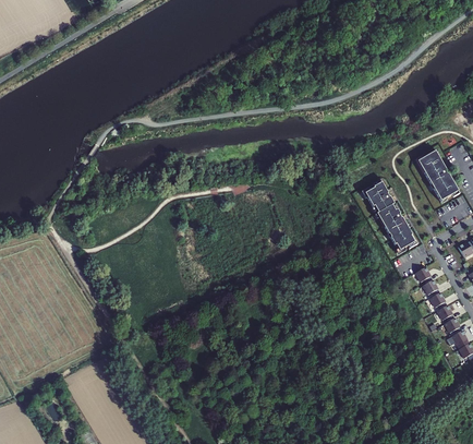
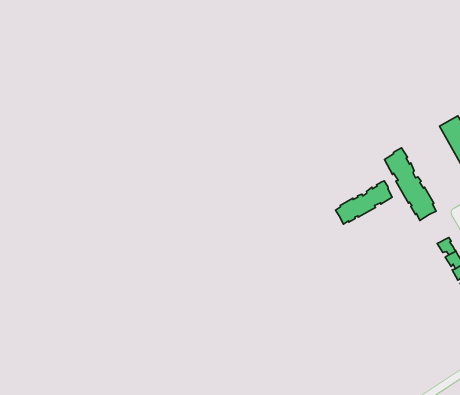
building: none -> [335,181,392,224]

